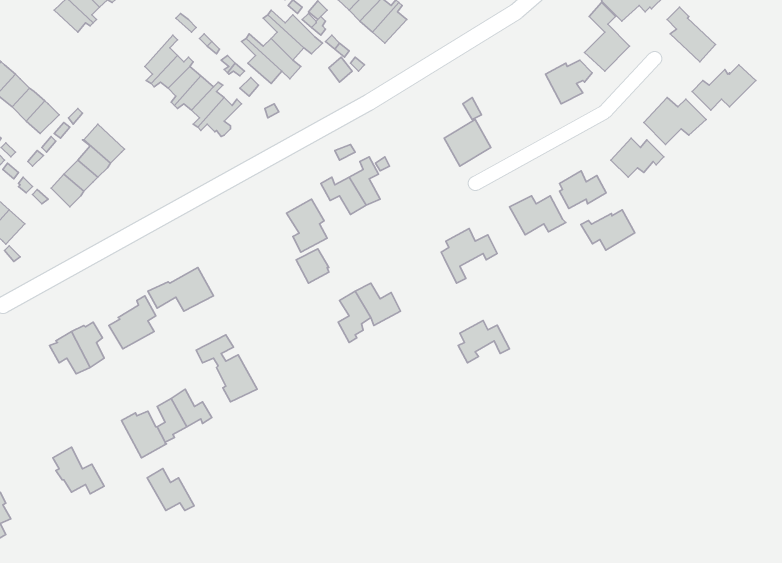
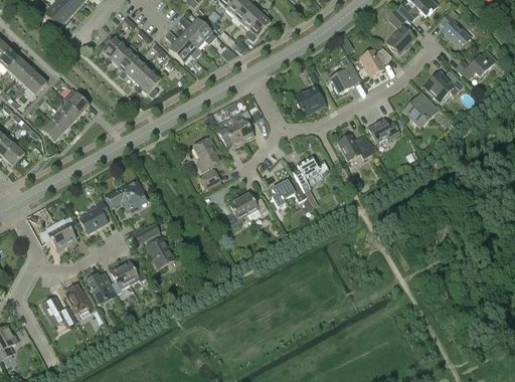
building: none -> [328,61,359,92]
building: [581,210,635,250] -> none
building: [458,321,510,363] -> [271,179,304,206]
building: [147,468,194,511] -> [65,284,96,312]

